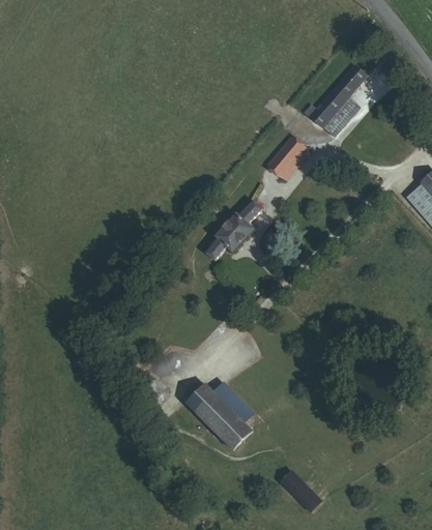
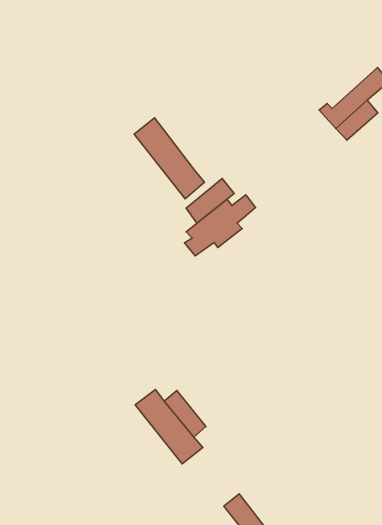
building: [270,136,314,175] -> none
building: none -> [134,118,205,199]
building: none -> [186,179,234,223]

